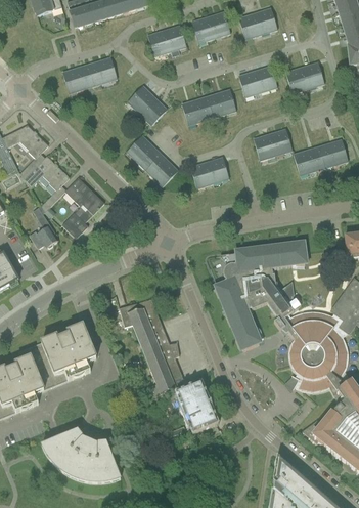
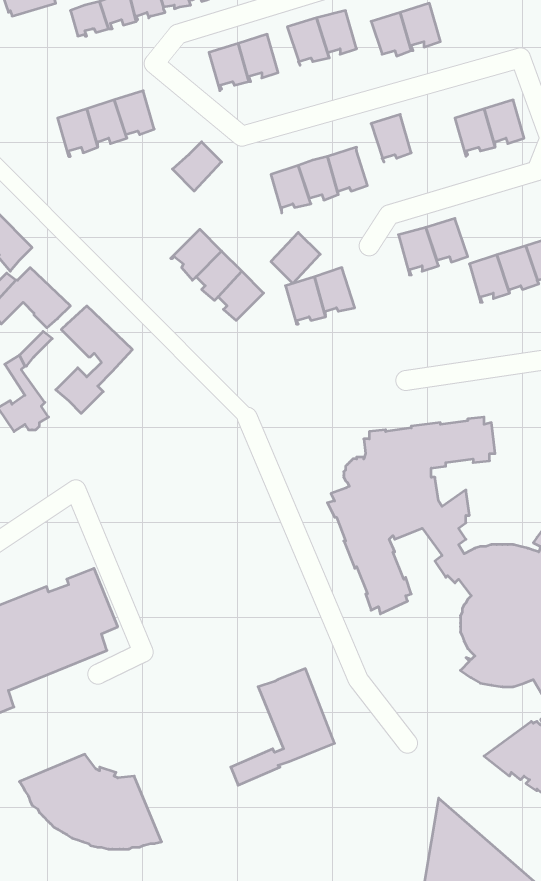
building: [255,65,277,91] -> none
building: [139,96,167,125] -> [271,232,320,283]
building: [120,298,185,397] -> none

